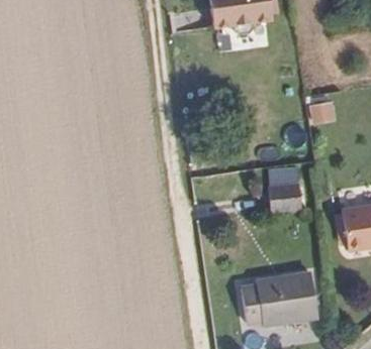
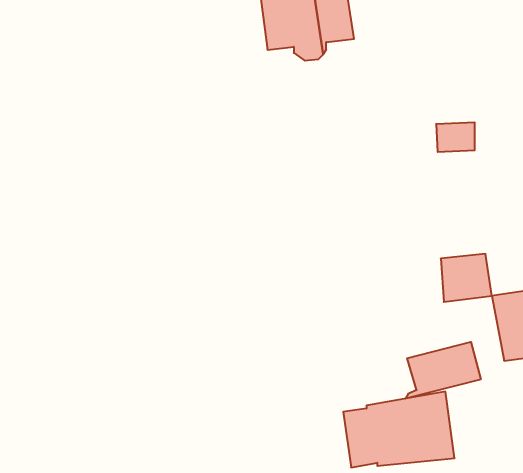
building: [269,177,302,208] -> [441,254,492,302]
building: none -> [406,342,481,399]

